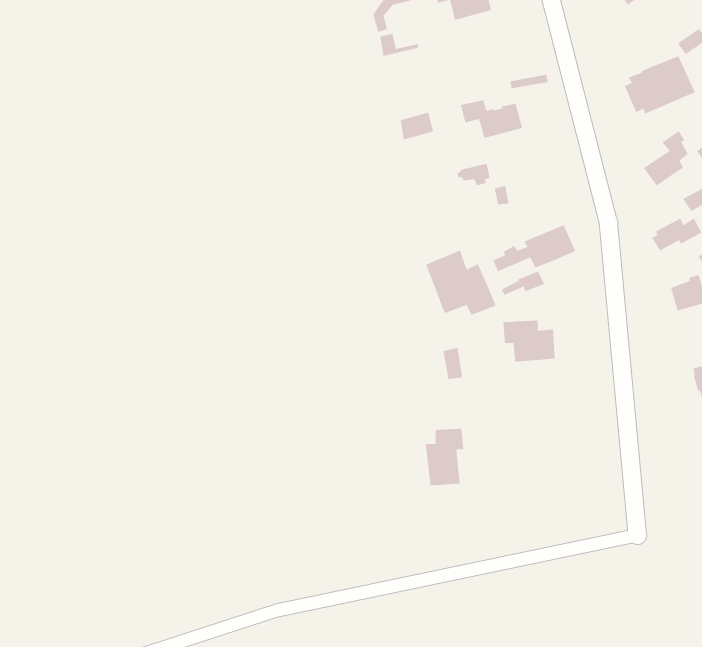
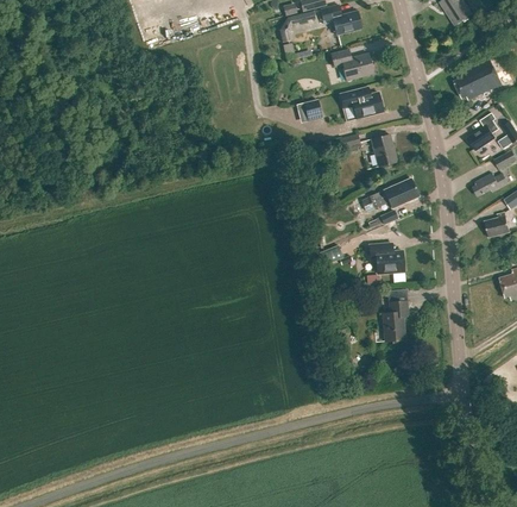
building: none -> [330,49,373,81]
building: none -> [370,133,397,167]
building: [425,250,497,316] -> none
building: [425,428,464,486] -> [382,301,409,342]

